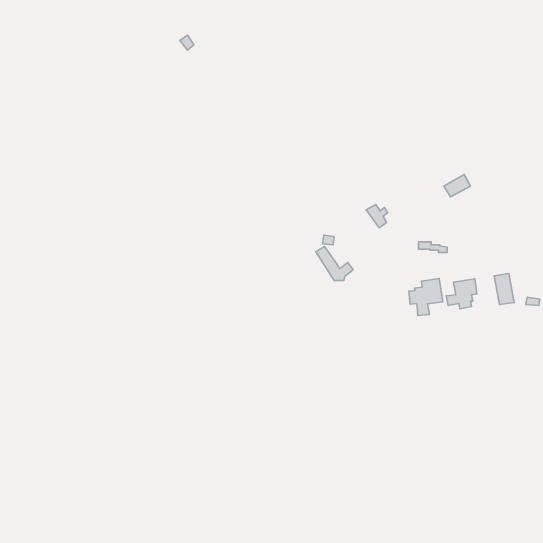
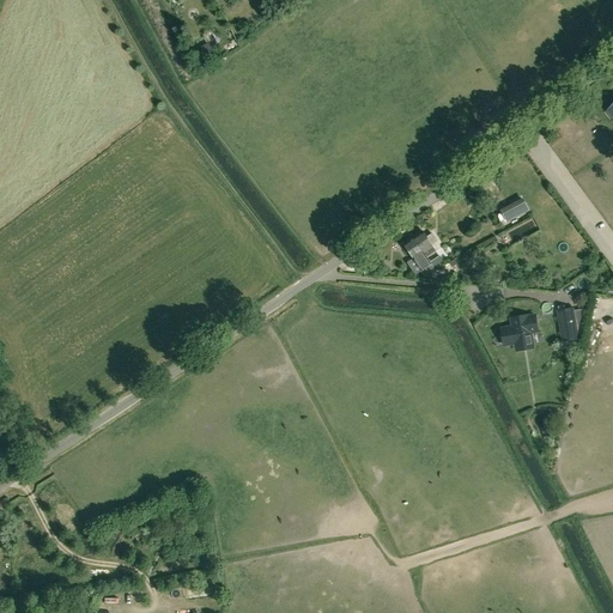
building: [316,247,353,281] -> [402,236,444,274]
building: [409,278,443,315] -> none

